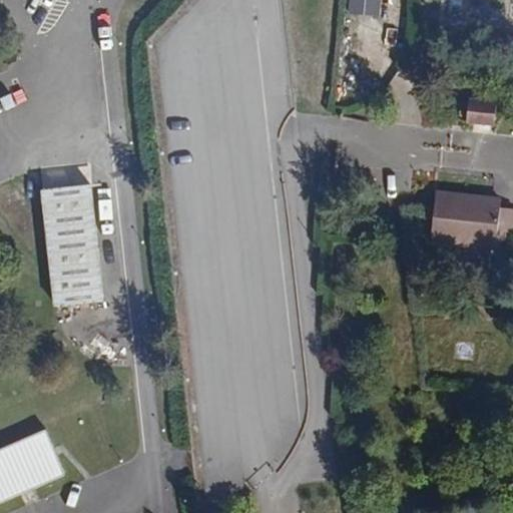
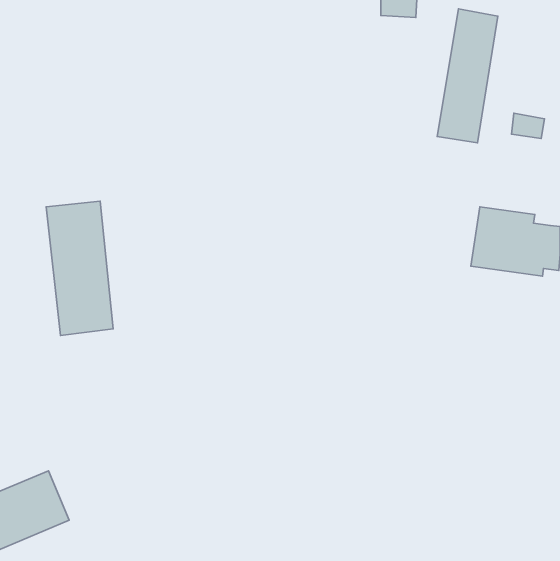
building: none -> [437,9,498,143]

